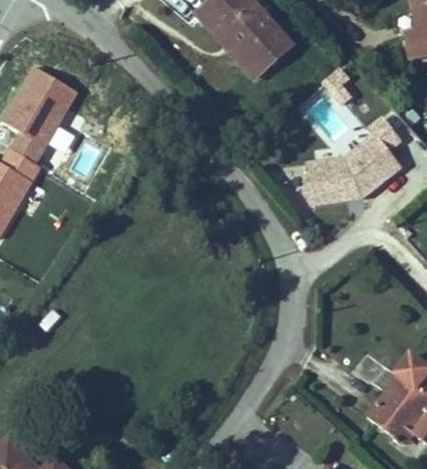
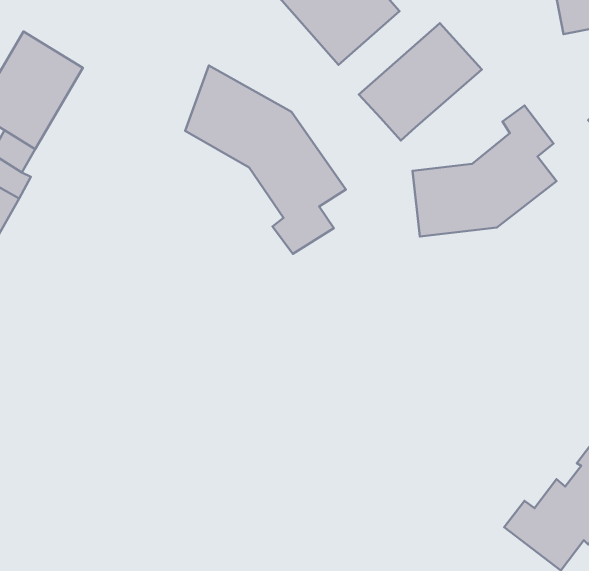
building: none -> [359,23,482,140]
building: none -> [185,66,346,254]

